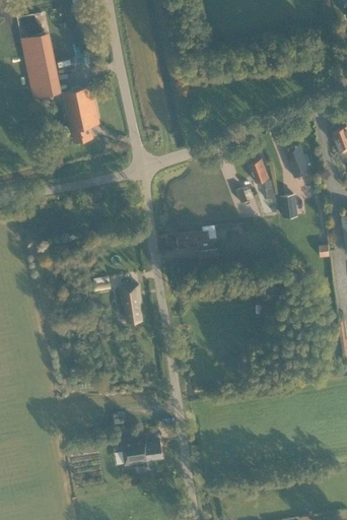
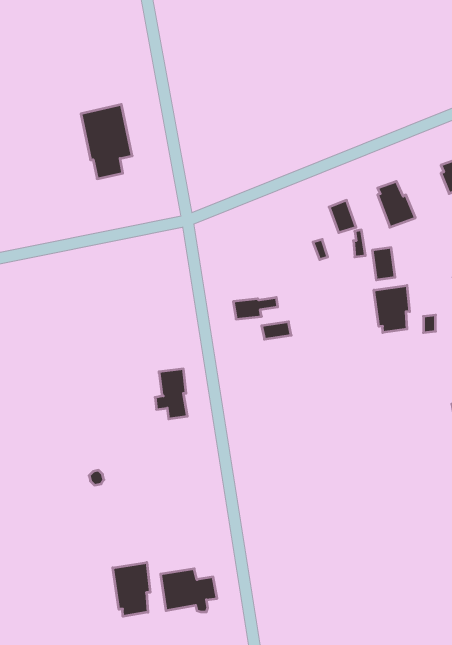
building: [21,34,61,100] -> none
building: none -> [374,285,410,333]
building: none -> [113,562,150,616]

